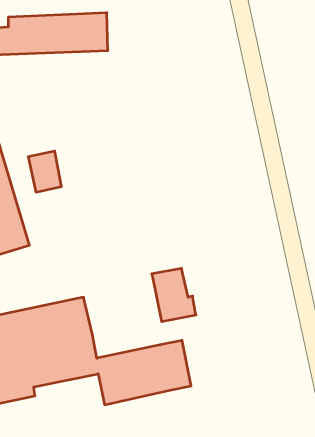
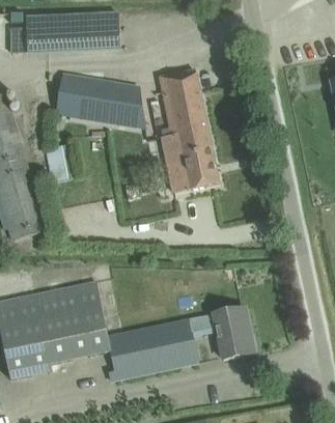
building: none -> [160,69,218,193]
building: none -> [55,75,145,128]
building: [152,268,196,322] -> [213,309,254,359]

